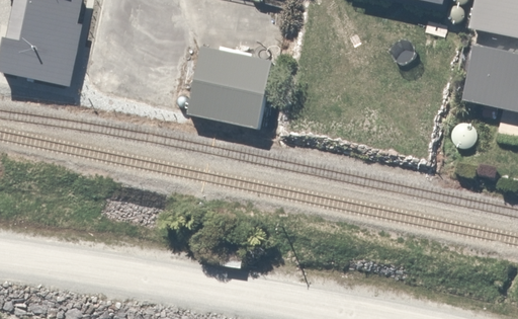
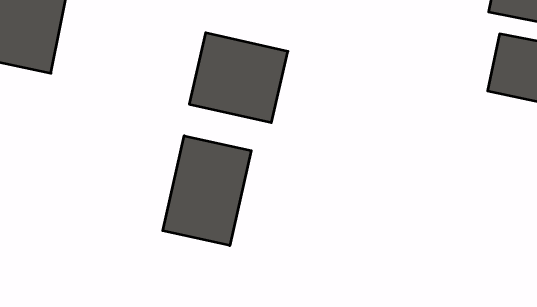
building: none -> [163,136,251,246]

